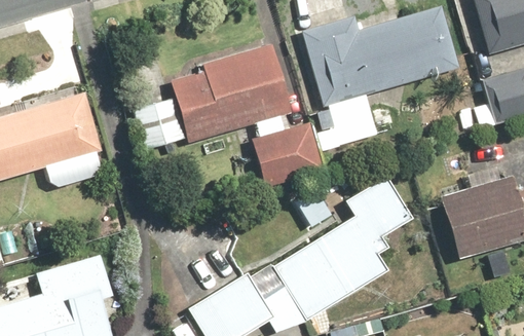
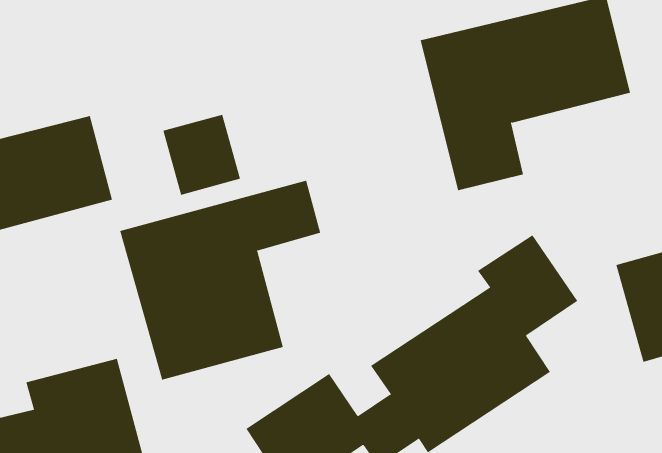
building: [171,43,296,142] -> none
building: [253,121,325,186] -> none
building: none -> [119,180,321,381]

